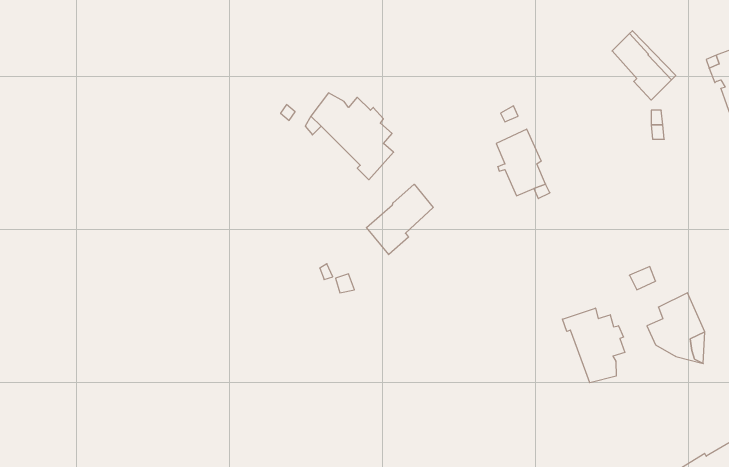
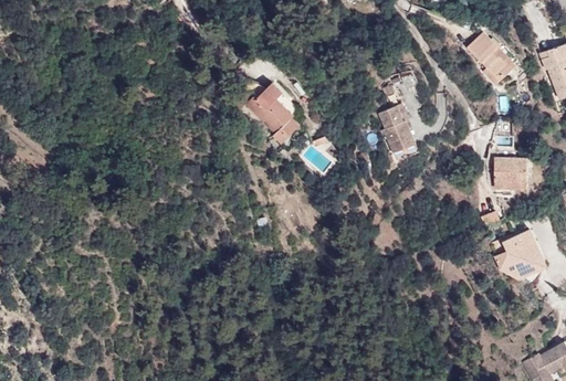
building: [366,184,433,255] -> none
building: none -> [495,157,527,184]
building: [562,308,625,383] -> none

